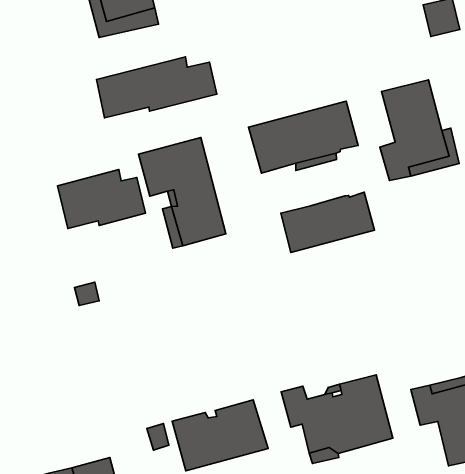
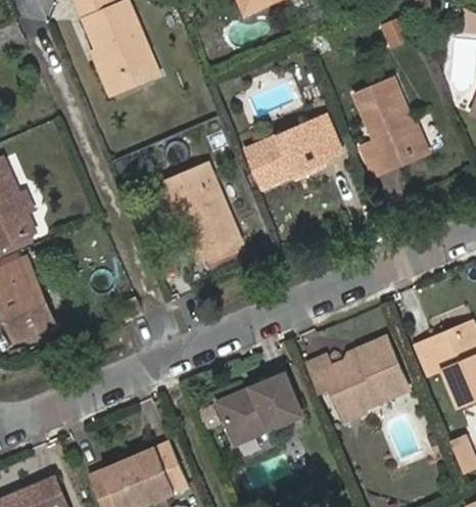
building: [97,57,217,118] -> none
building: [58,169,146,228] -> none
building: [281,192,374,252] -> none

